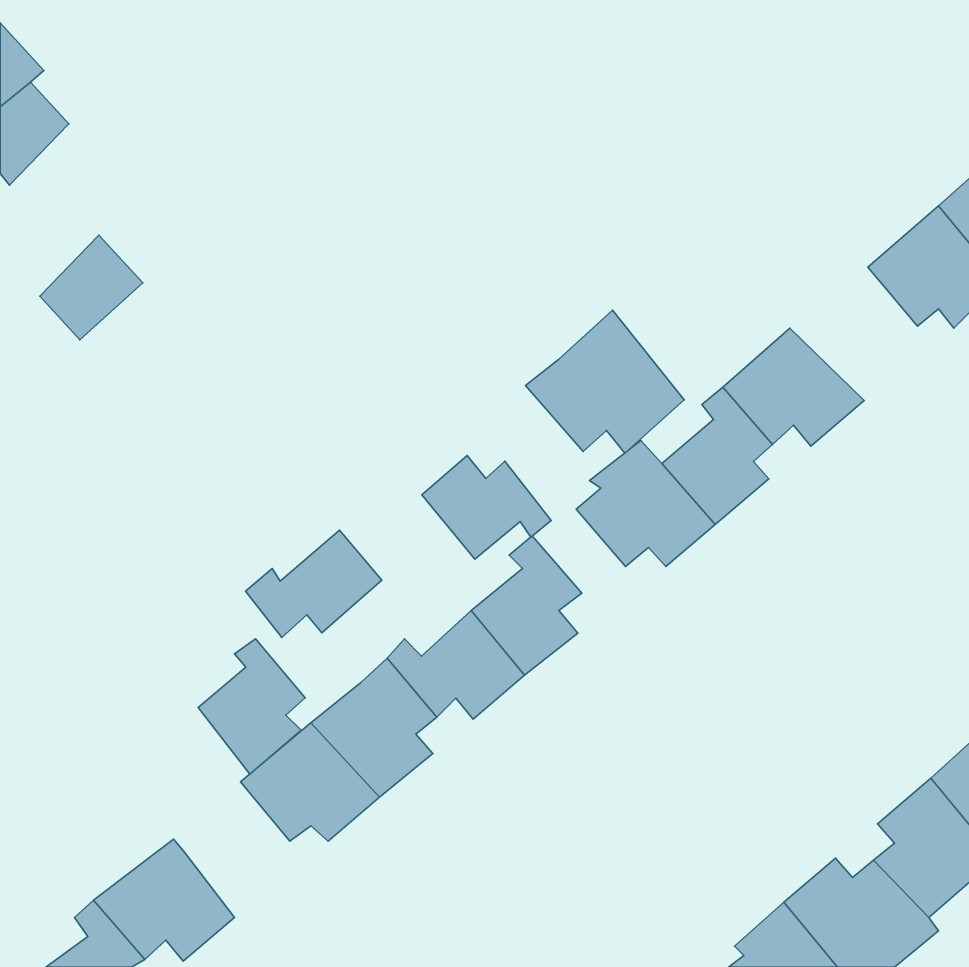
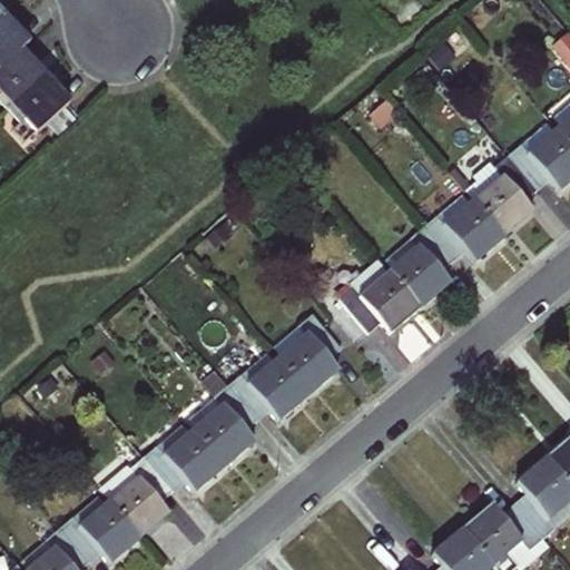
building: [40,235,143,340] -> [9,72,69,134]
building: none -> [464,156,539,234]
building: [525,310,684,453] -> none
building: [422,455,551,559] -> none
building: [245,530,382,638] -> none
building: [198,639,305,774] -> [110,456,173,535]

